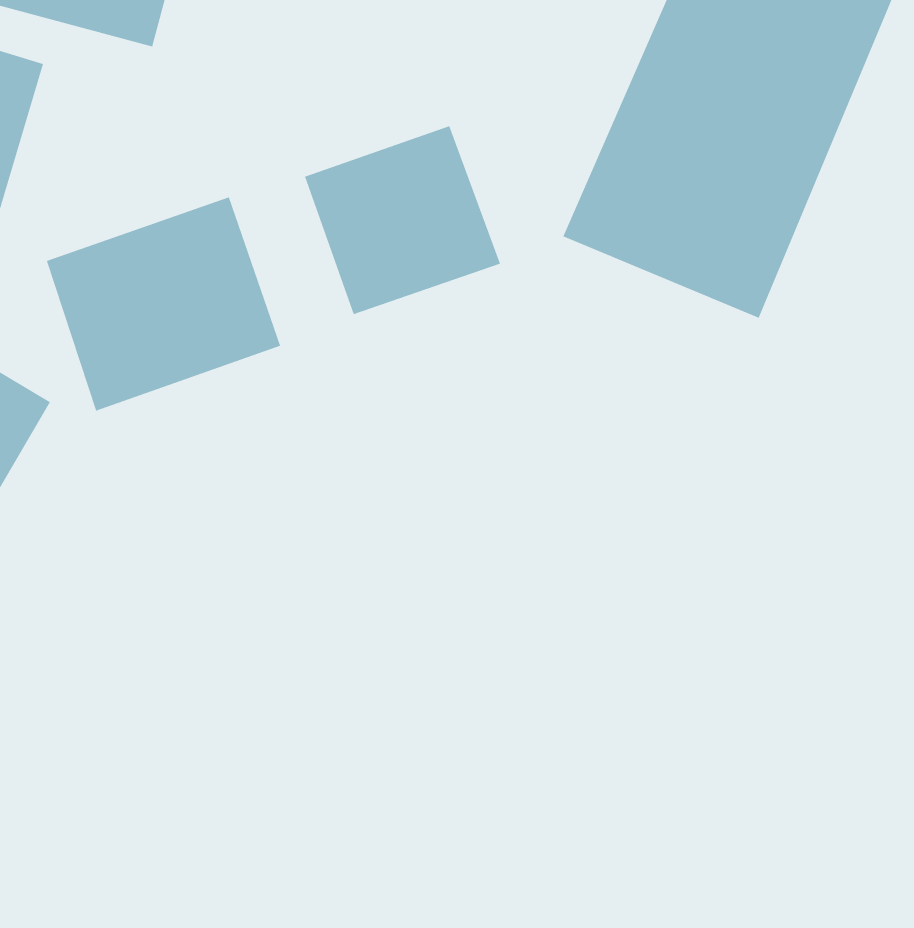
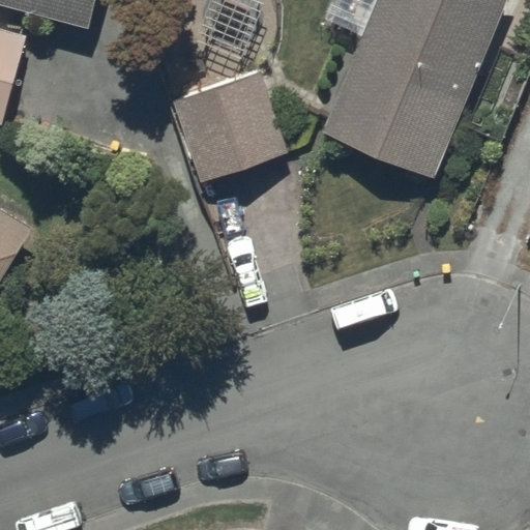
building: [46,196,281,411] -> none

